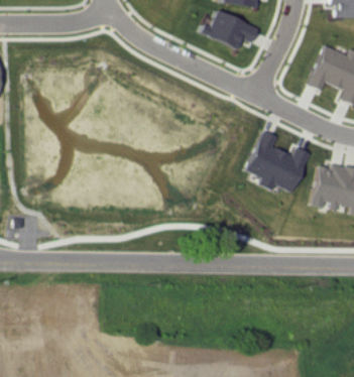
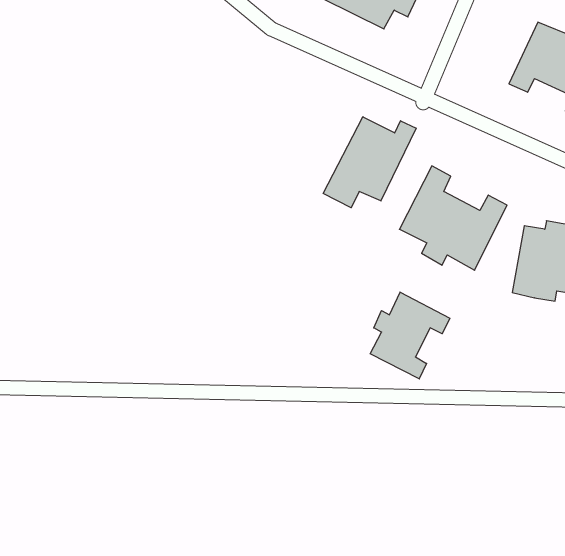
building: none -> [323,117,416,208]
building: none -> [370,292,450,379]

